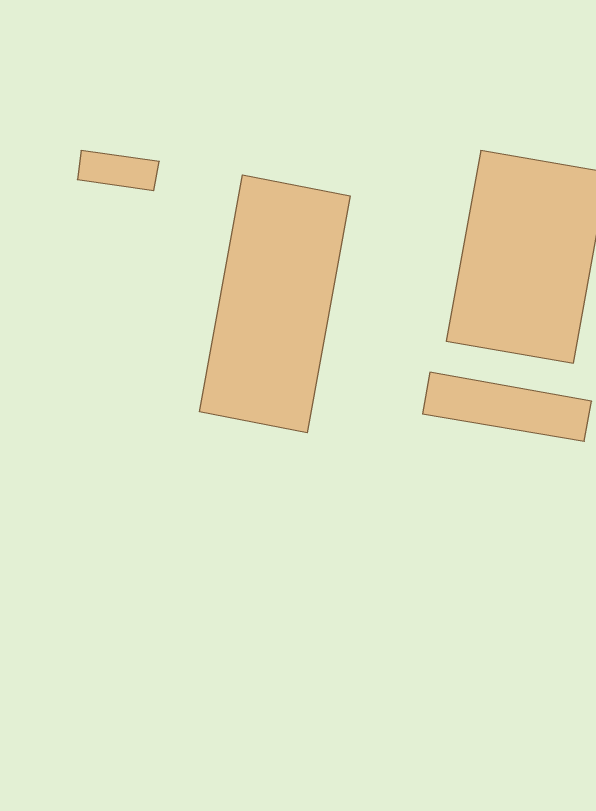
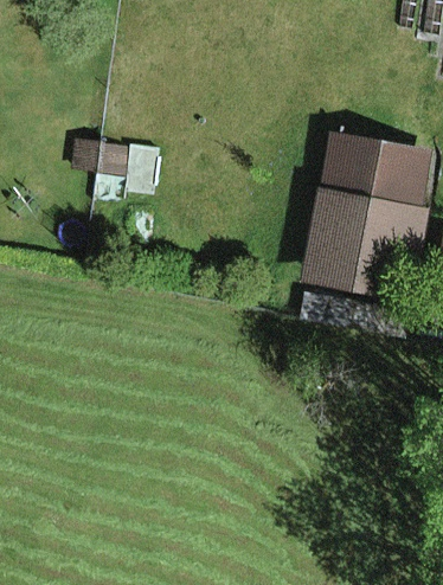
building: [200,175,350,433] -> none

